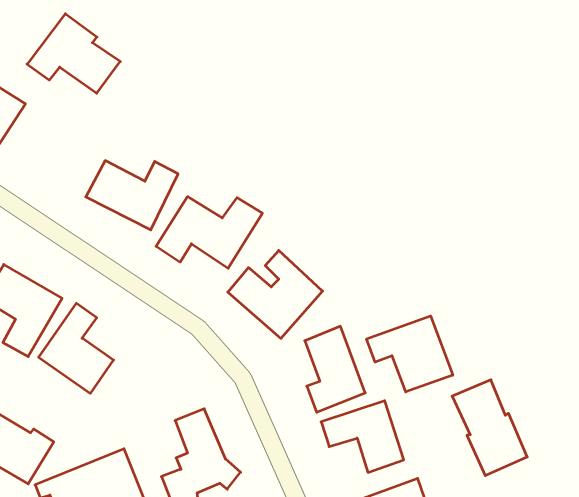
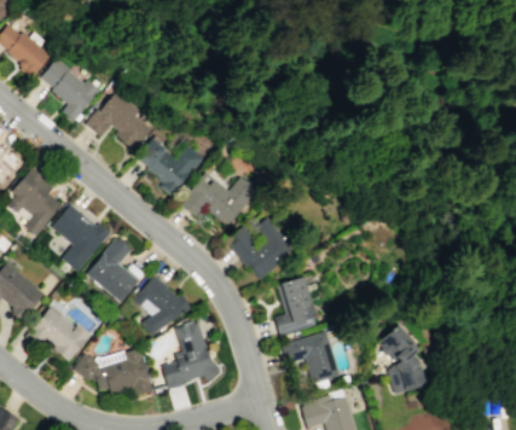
building: [27,14,120,93] -> [86,91,152,150]
building: [367,316,453,392] -> none
building: none -> [134,274,189,336]

